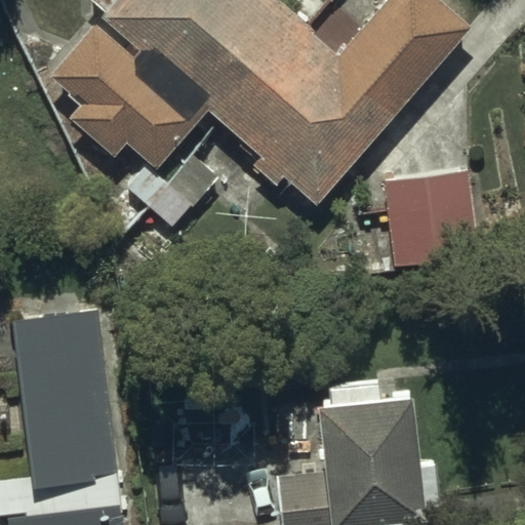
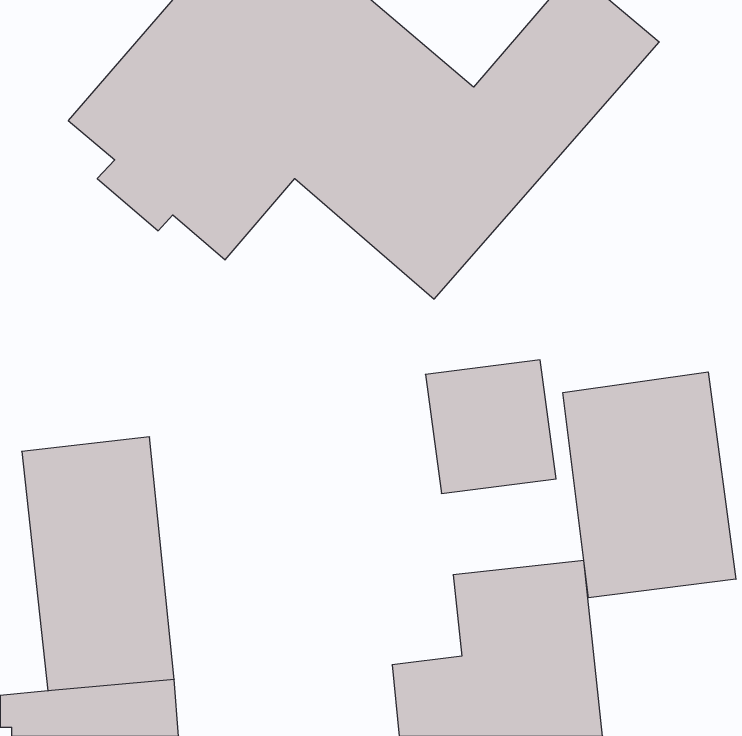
building: [382,170,475,265] -> [425,360,556,493]
building: none -> [563,372,736,598]

